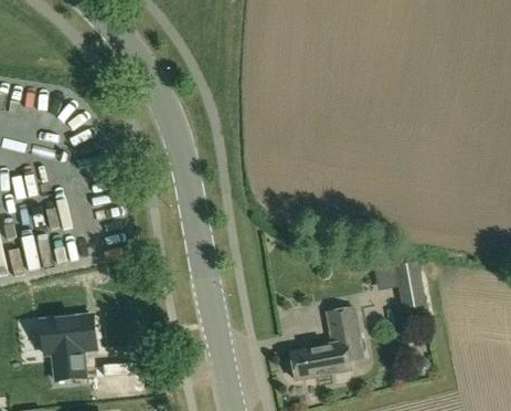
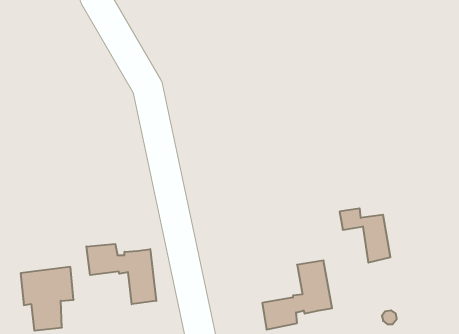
building: none -> [86,244,156,304]

